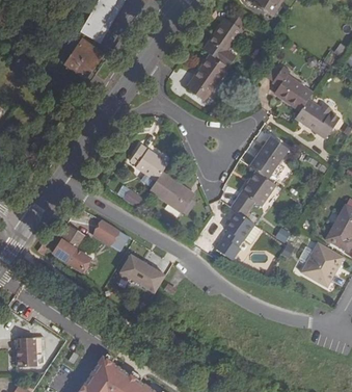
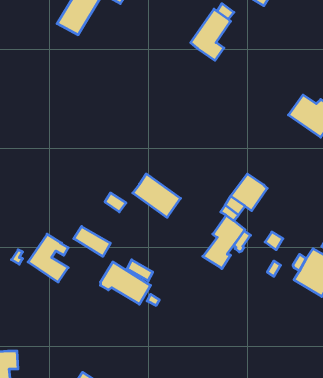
building: [65,40,101,77] -> none
building: [187,54,227,100] -> none
building: [272,68,312,110] -> none
building: [249,137,287,182] -> none
building: [130,145,168,181] -> none

